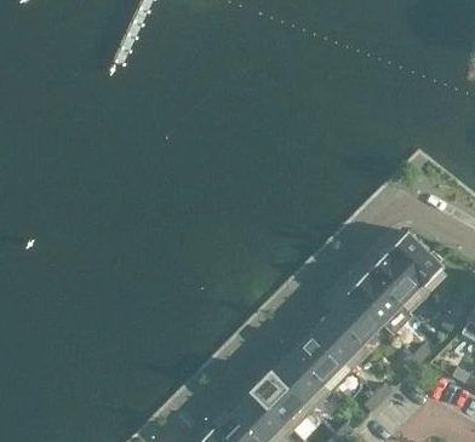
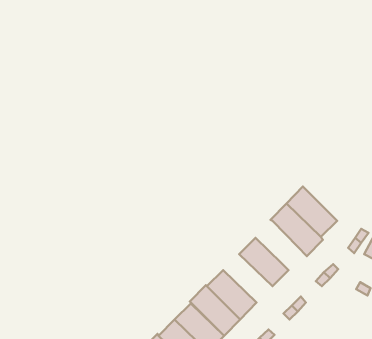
building: [387,229,442,285] -> none
building: [330,291,380,341] -> none
building: [291,331,350,389] -> none

